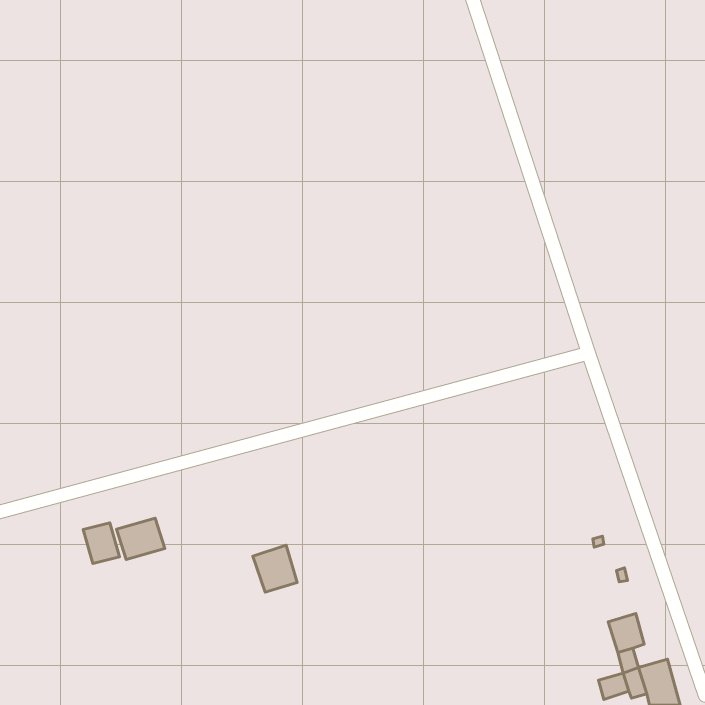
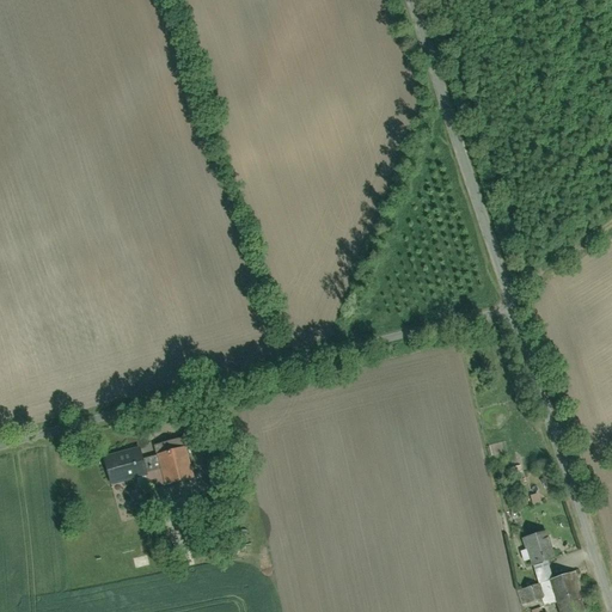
building: [83,523,119,564] -> none
building: [253,545,297,592] -> [152,446,190,486]

